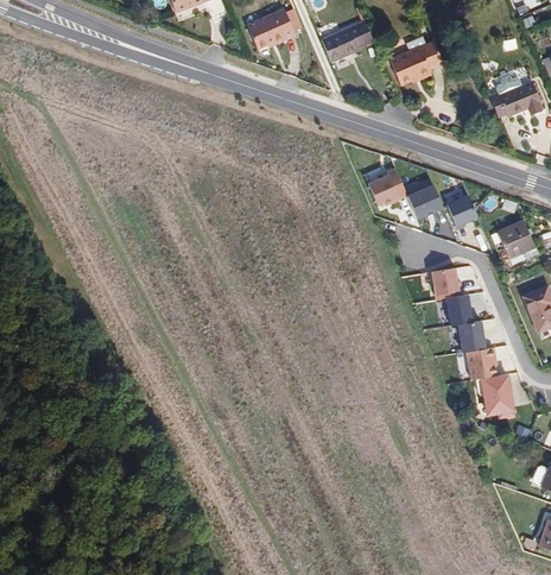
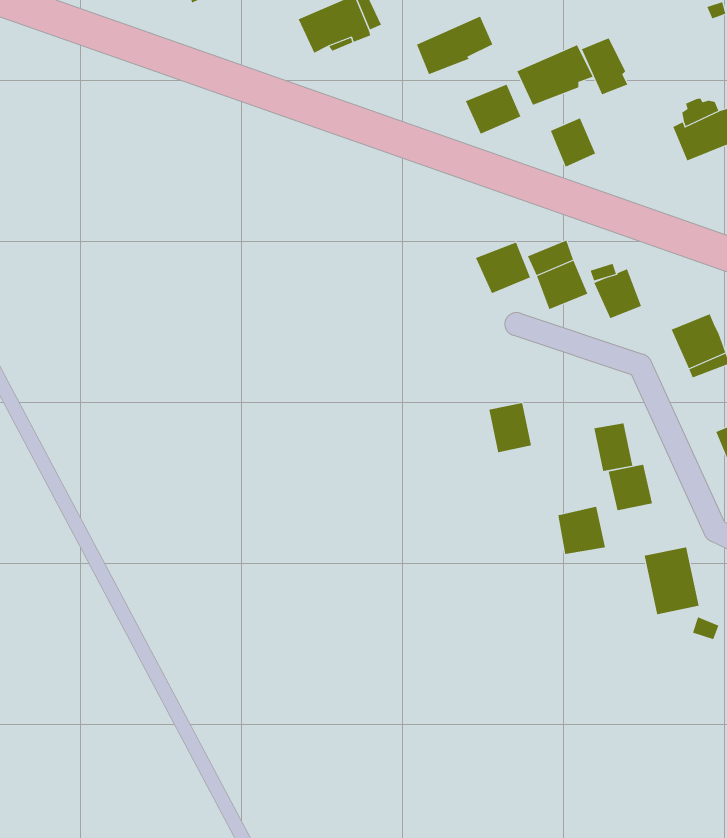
building: none -> [581,37,628,95]
building: none -> [465,84,521,135]
building: none -> [550,118,596,168]
building: [429,263,457,296] -> [489,402,532,453]
building: [464,345,496,377] -> [557,506,606,555]

